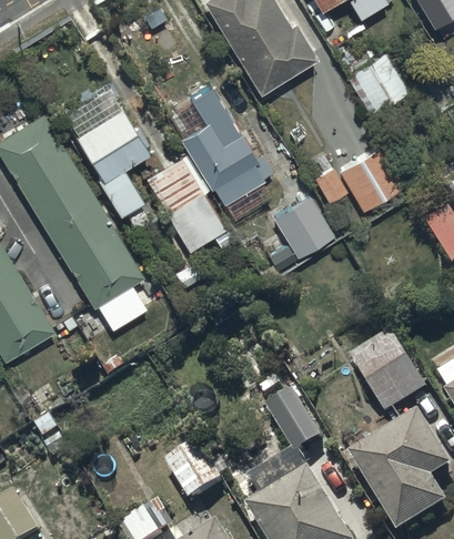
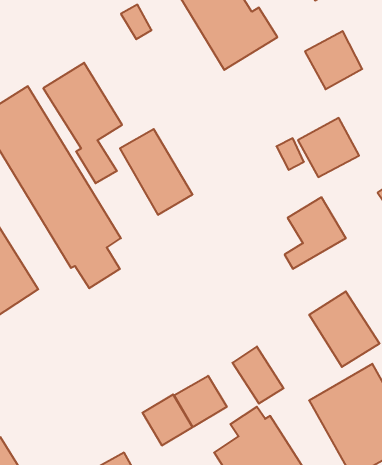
building: [179,109,272,202] -> none
building: [269,191,335,268] -> [285,197,346,269]
building: none -> [174,376,227,427]

